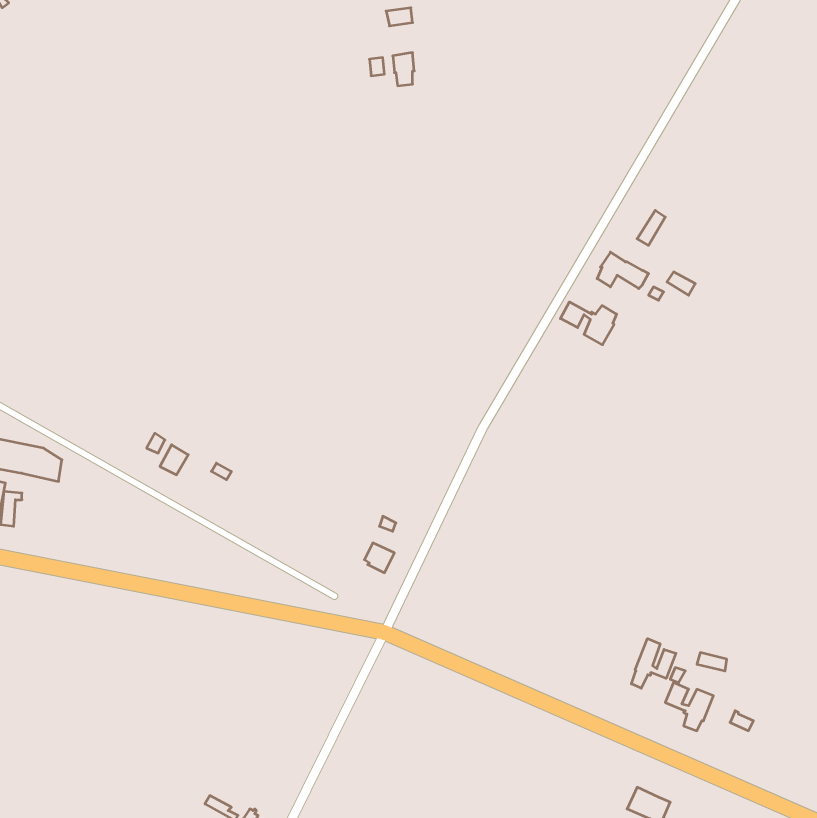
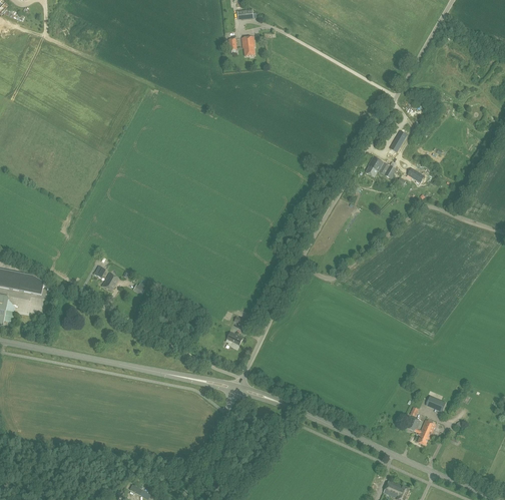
building: [560,302,617,345] -> none
building: [631,639,676,688] -> none

